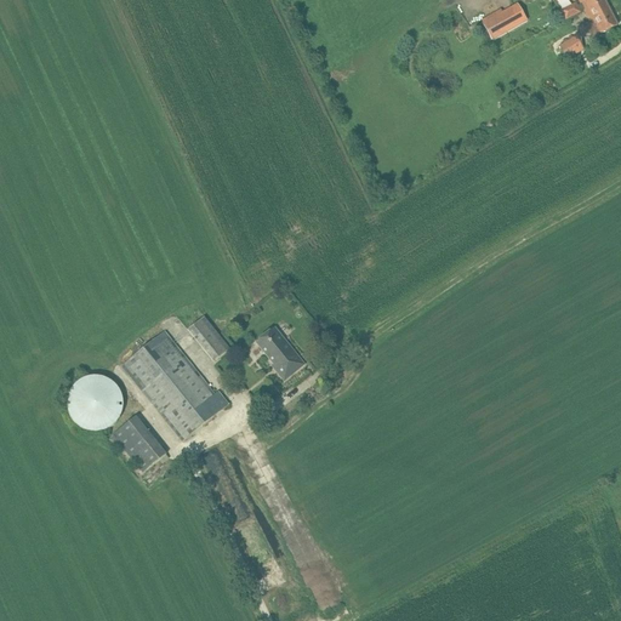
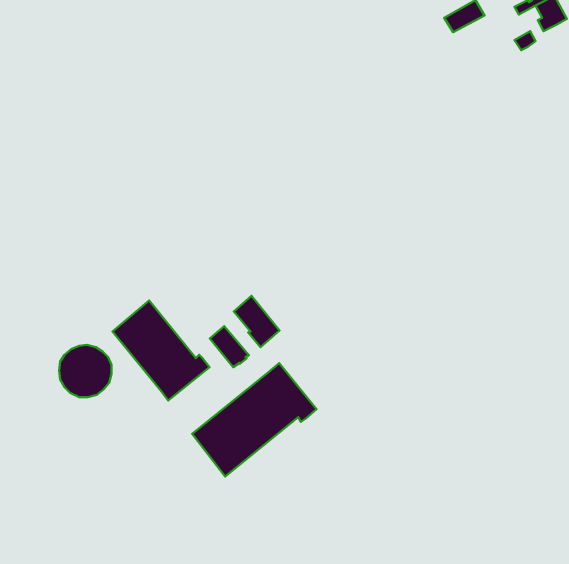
building: [187,313,229,358] -> [210,326,249,367]
building: none -> [192,363,317,477]
building: [112,412,166,469] -> none

